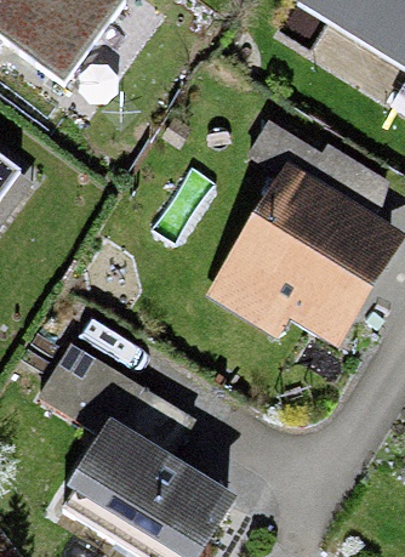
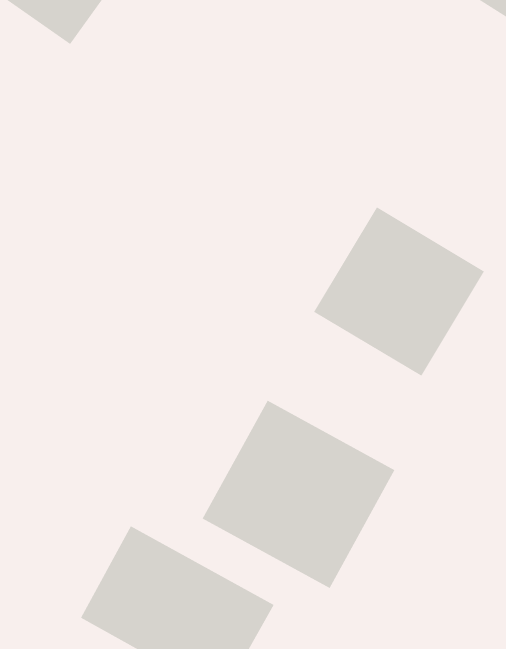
building: none -> [202,400,395,589]

